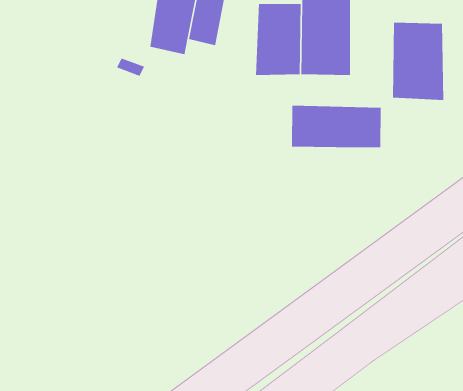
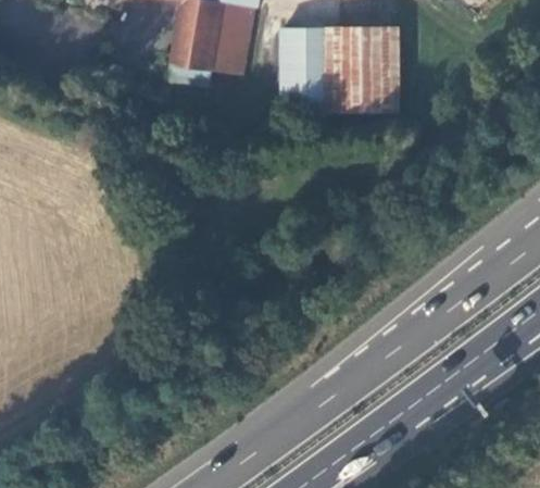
building: [393,22,444,101] -> none
building: [292,105,381,148] -> none

